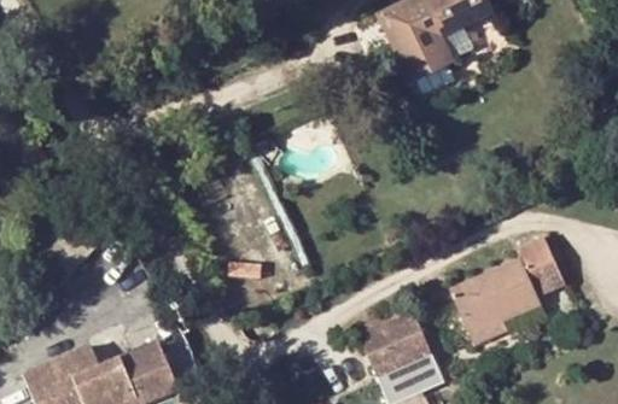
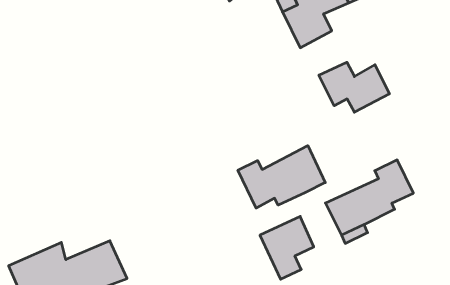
building: none -> [319,62,389,112]
building: none -> [238,146,325,208]

